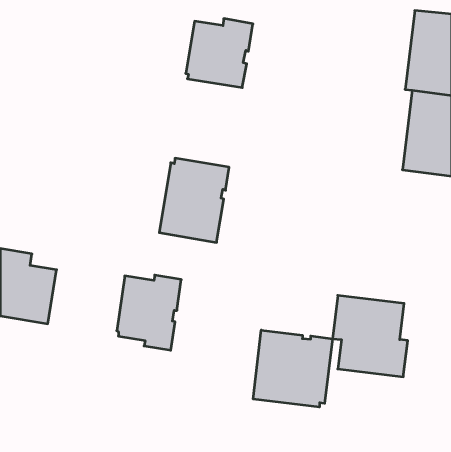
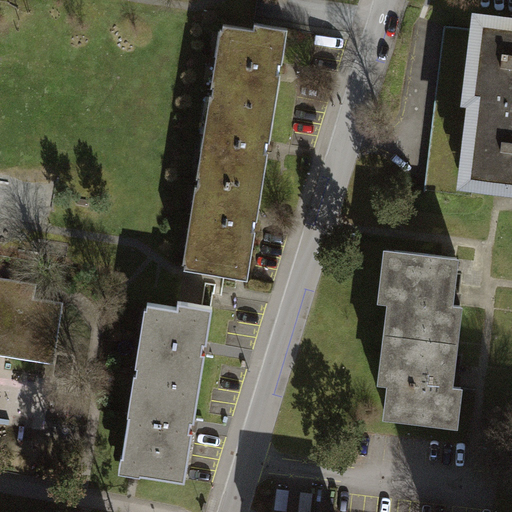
building: none -> [196,89,275,189]
building: none -> [378,251,463,343]
building: [253,330,333,407] -> none
building: none -> [116,380,194,489]

